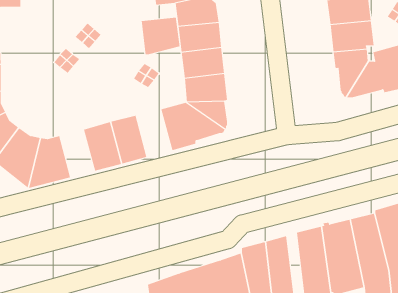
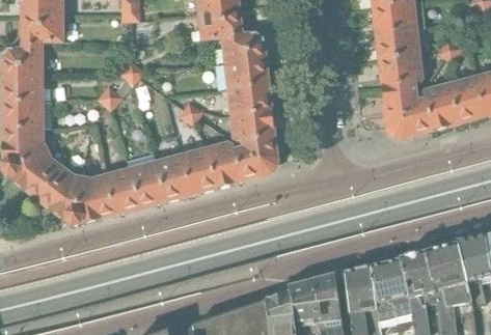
building: [141,17,180,55] -> none
building: none -> [181,146,217,195]
building: none -> [103,167,138,216]

